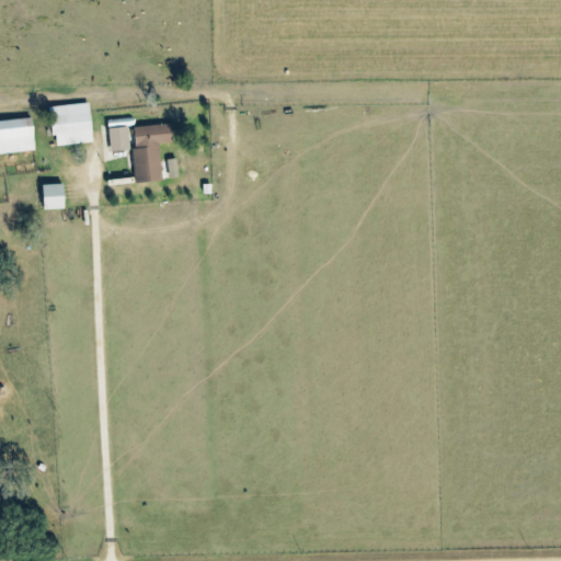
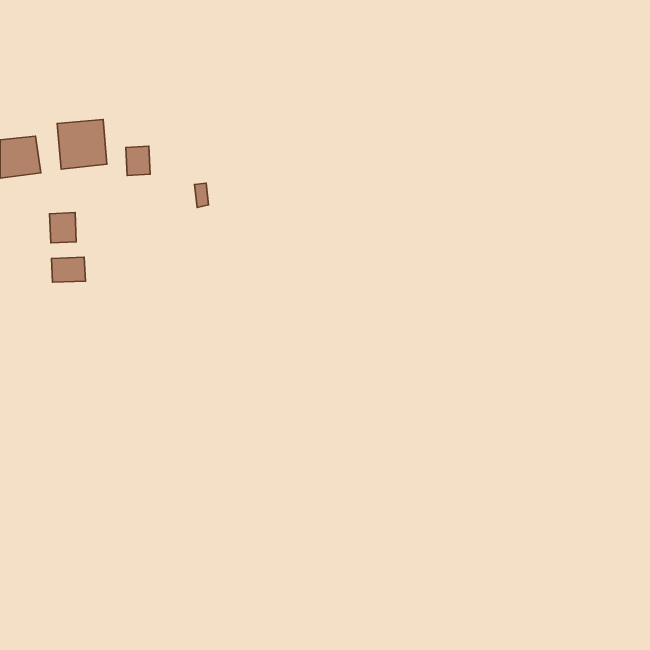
building: [130,123,173,182] -> none
building: none -> [51,257,85,282]

